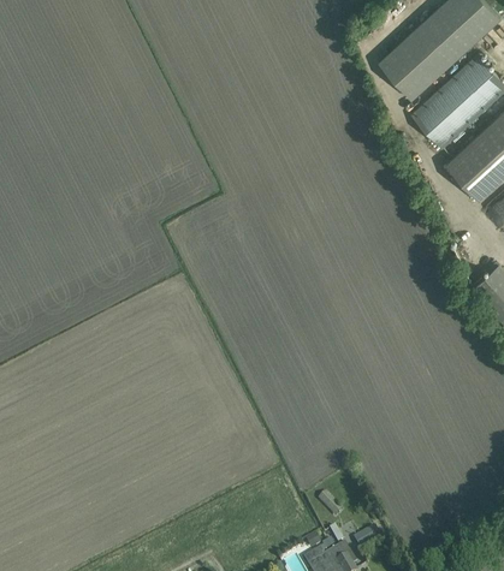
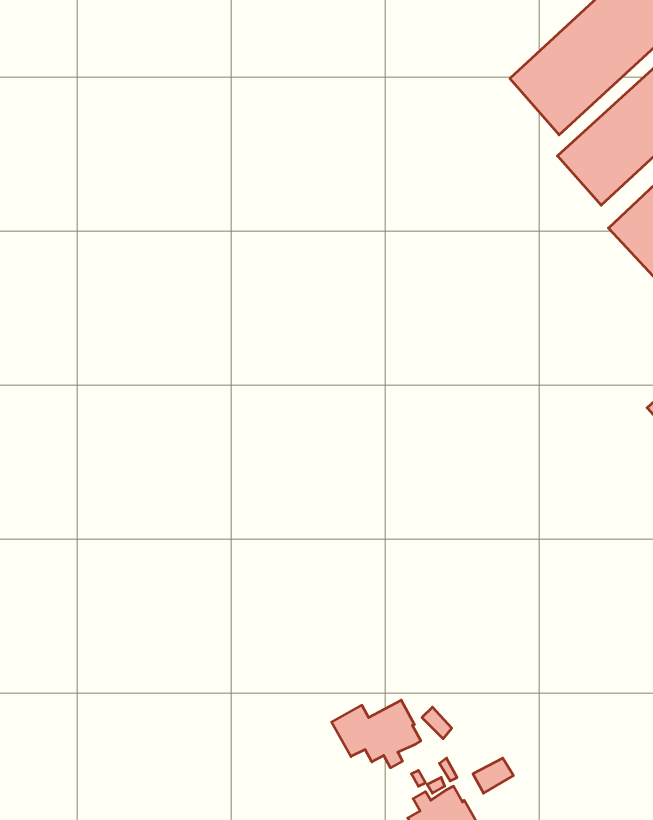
building: none -> [332,700,421,768]

